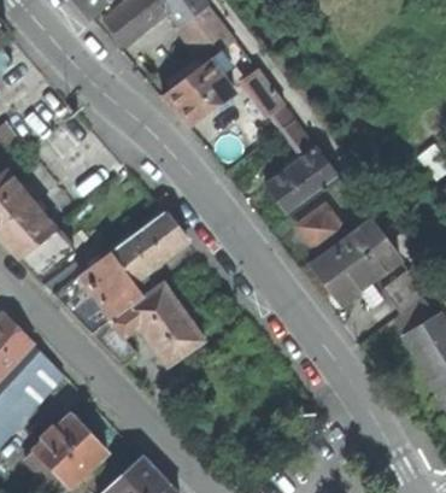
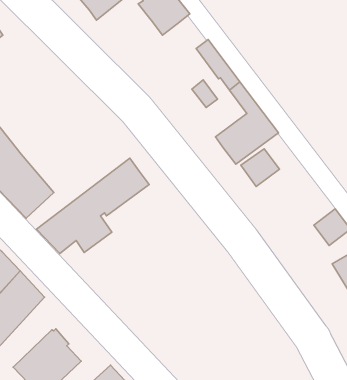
building: [162,51,234,127] -> none
building: [310,218,400,303] -> none
building: [92,282,204,366] -> none

